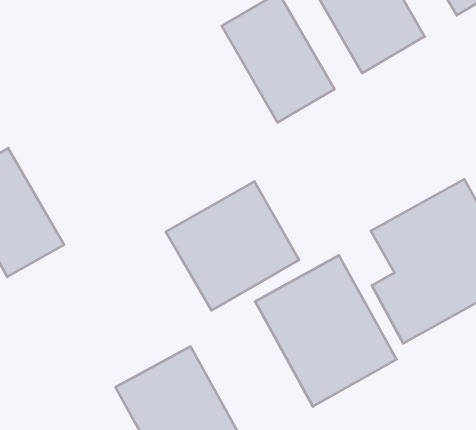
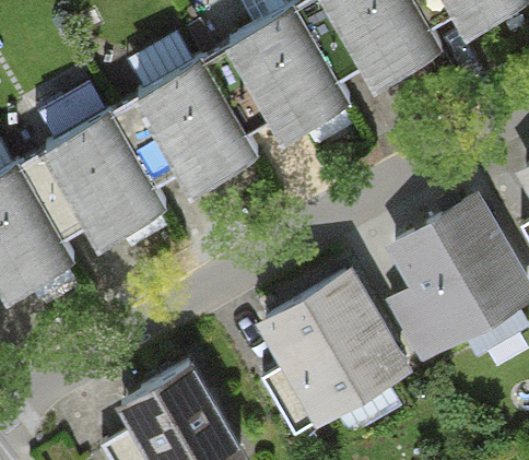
building: none -> [138,60,251,192]
building: none -> [48,114,162,245]
building: [166,181,299,310] -> none

